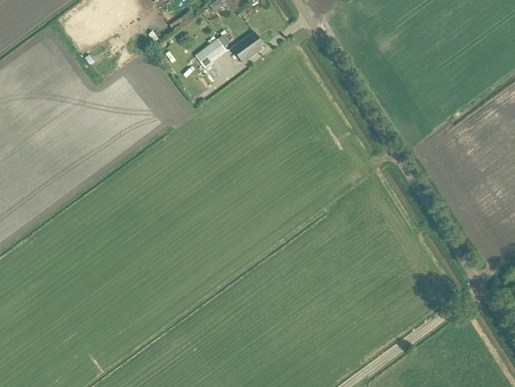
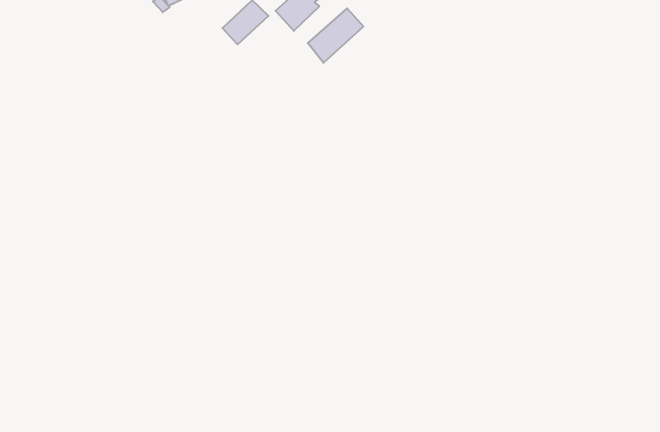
building: none -> [308,8,363,63]

